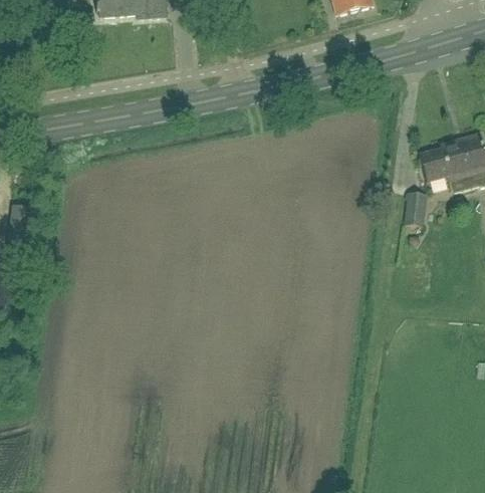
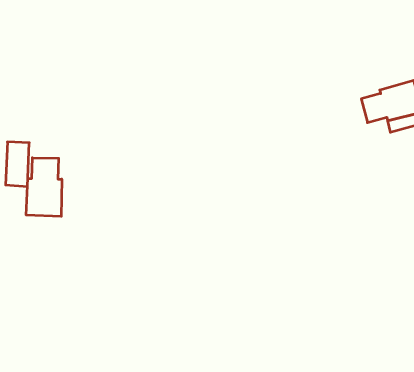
building: [403,191,427,226] -> none
building: none -> [26,158,62,216]

